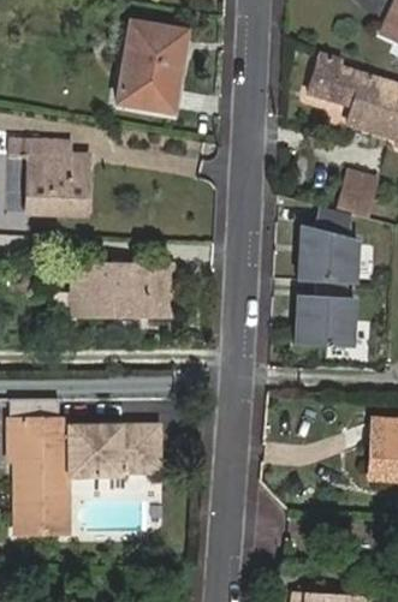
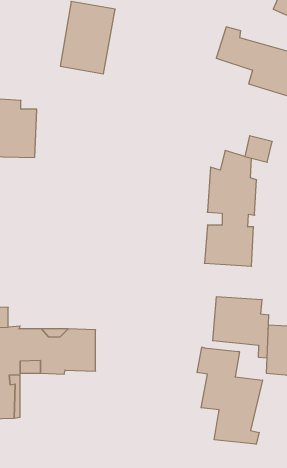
building: [51,267,171,315] -> none
building: none -> [213,297,269,358]
building: none -> [197,347,262,444]

